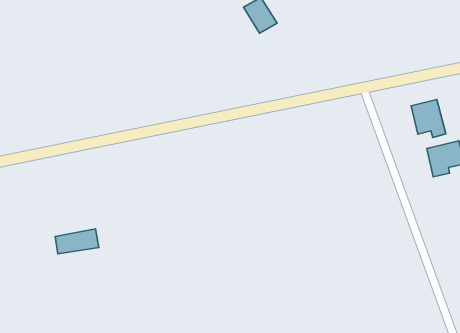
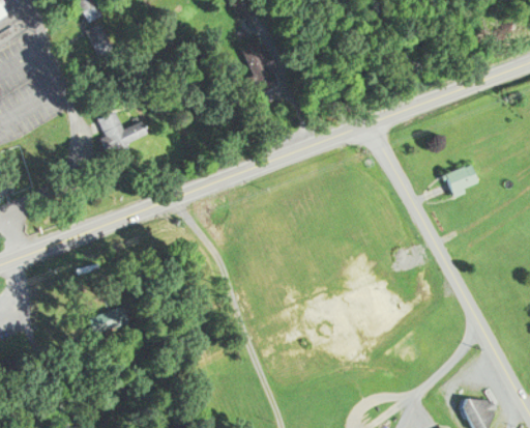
building: none -> [94,110,144,150]
building: [411,100,446,137] -> none

